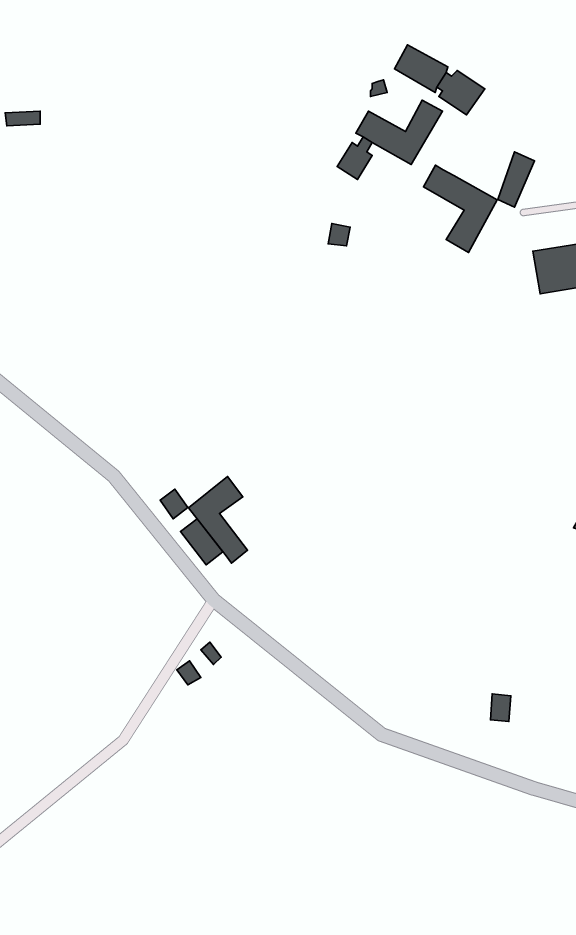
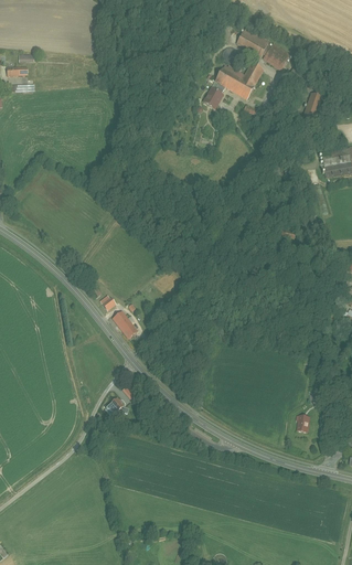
building: [423,165,497,252] -> none
building: [189,476,248,563] -> none

